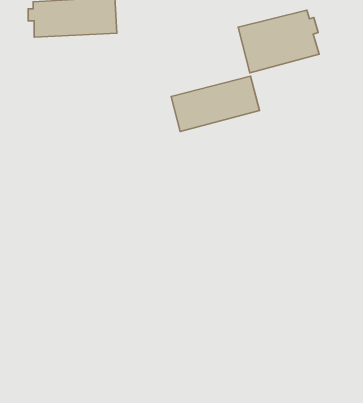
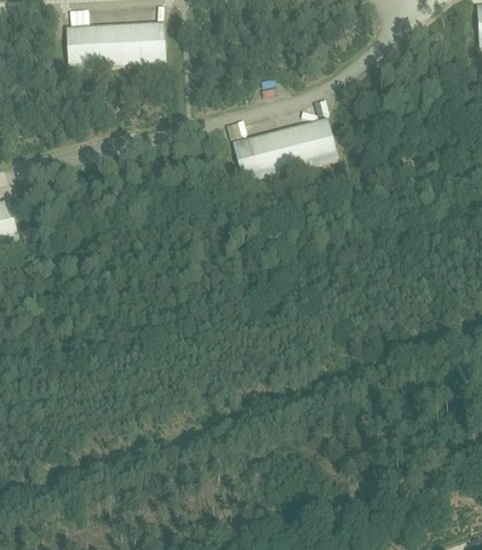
building: [238,10,319,73] -> none

